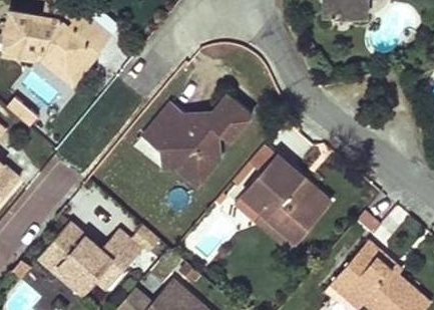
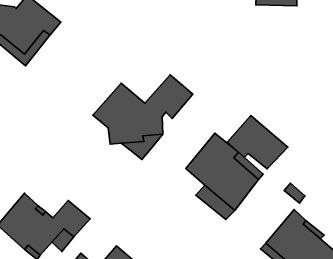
building: none -> [227,116,288,169]

